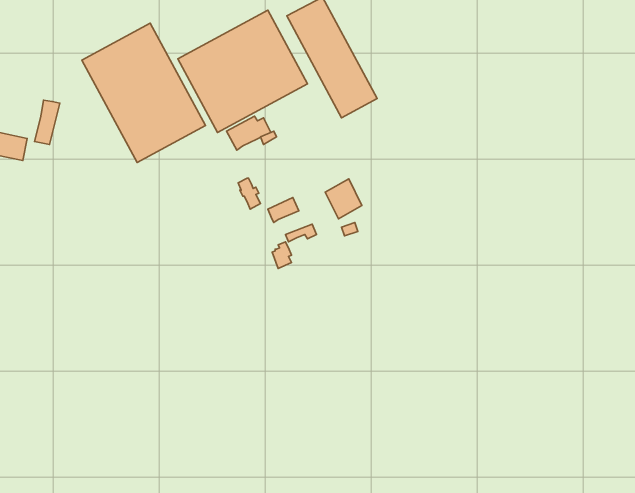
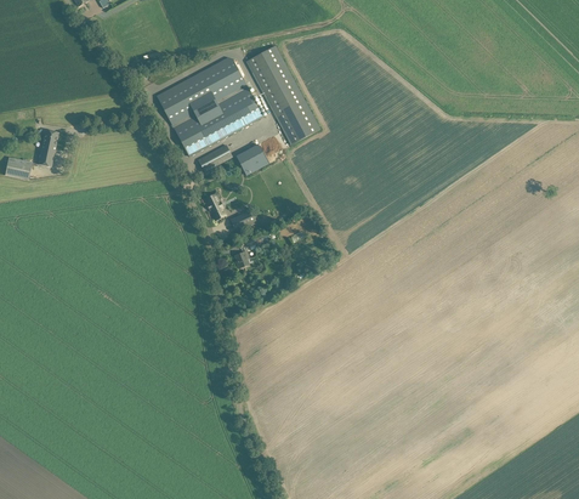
building: [82,23,205,163] -> none
building: [325,179,362,219] -> [237,140,267,172]

